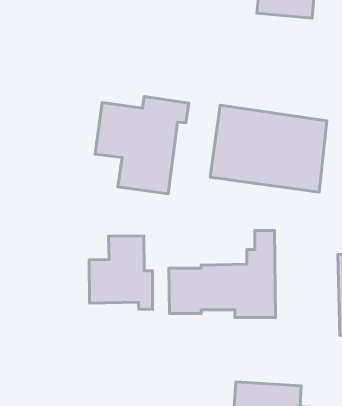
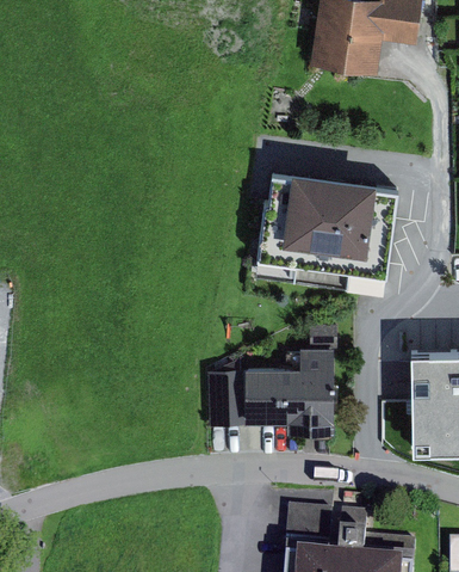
building: [95,96,189,194] -> none
building: [89,236,152,310] -> none

